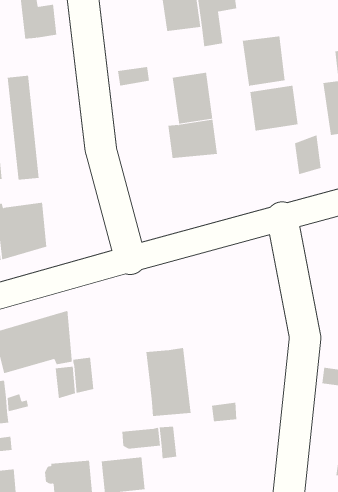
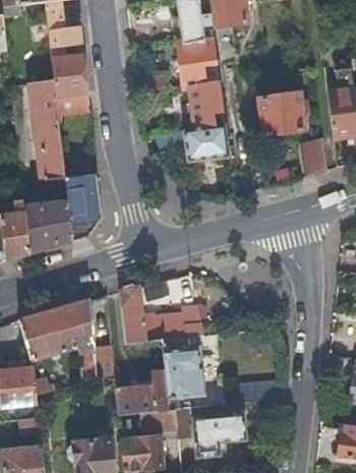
building: [242,36,286,87] -> [179,37,220,84]
building: none -> [50,47,88,111]
building: none -> [64,173,101,241]
building: none -> [119,286,203,344]
building: none -> [113,369,168,414]
building: none -> [194,413,245,456]

